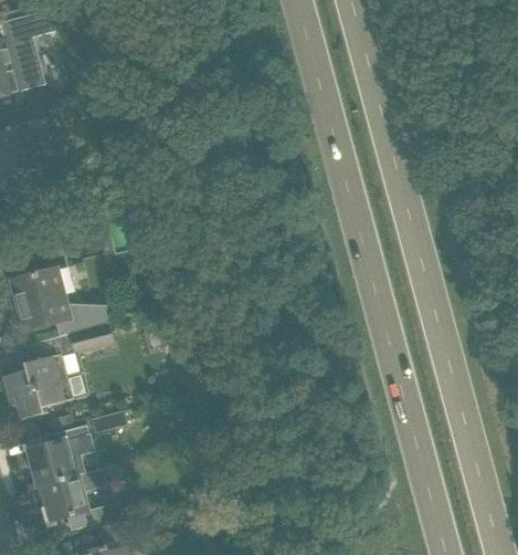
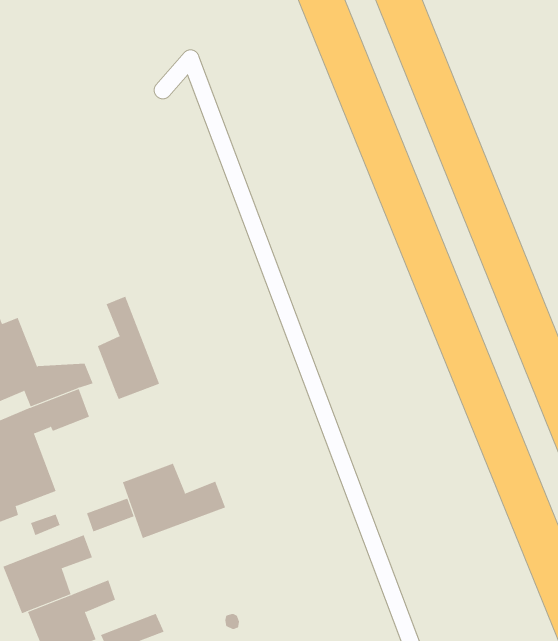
building: none -> [97,296,160,400]
building: none -> [122,463,226,539]

